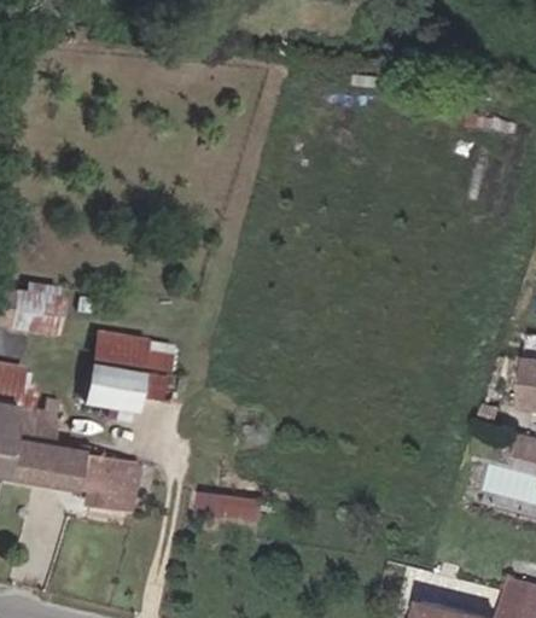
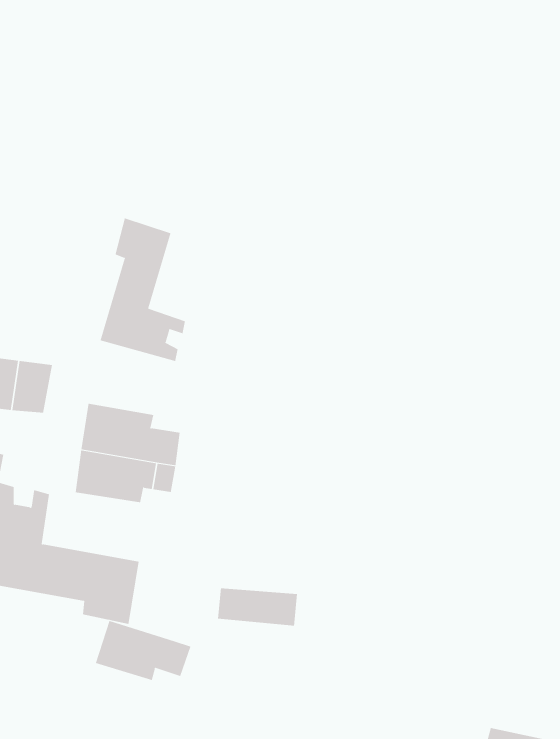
building: none -> [100,217,186,362]
building: none -> [95,620,191,681]

